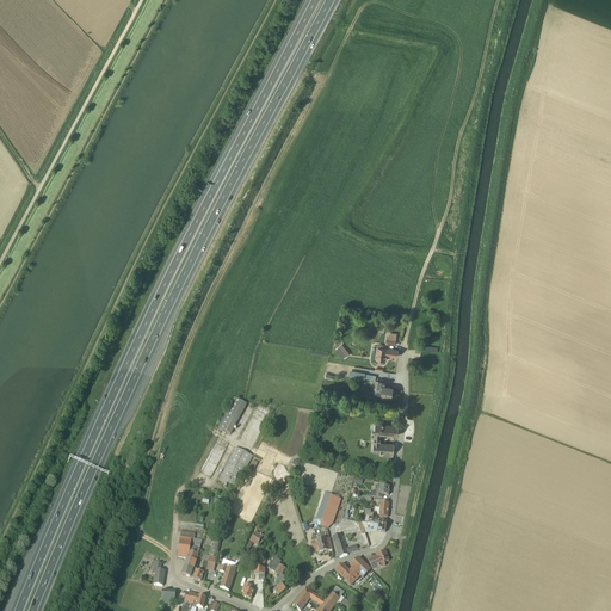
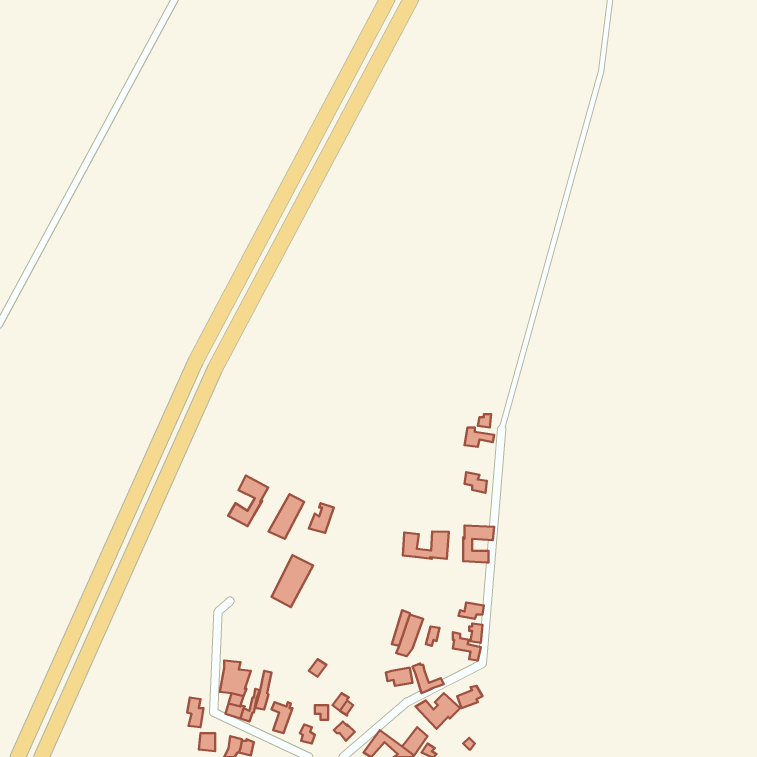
building: none -> [228,475,268,526]
building: none -> [403,532,449,559]

